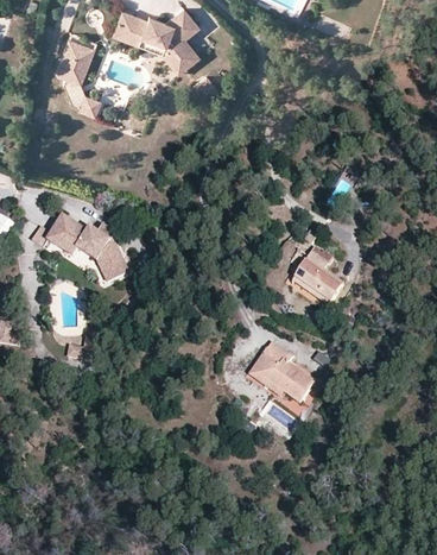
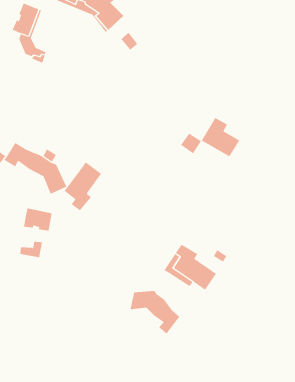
building: none -> [64,161,102,211]
building: [297,246,347,297] -> [201,117,240,157]
building: none -> [24,208,52,232]
building: none -> [130,290,180,335]

